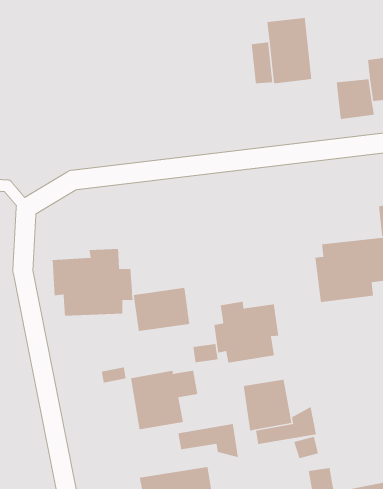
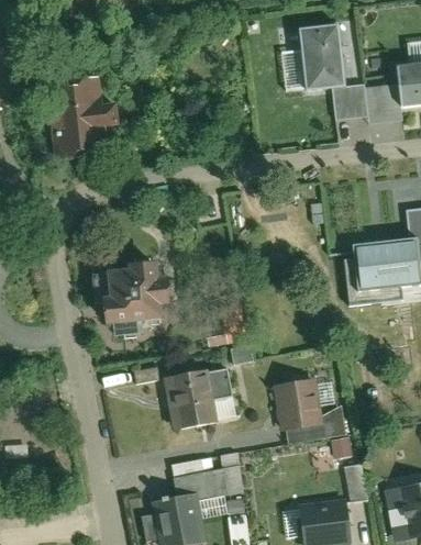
building: none -> [48,73,115,157]
building: none -> [334,84,370,121]
building: [133,287,190,332] -> none
building: [214,301,279,364] -> none
building: [177,423,239,458] -> none

